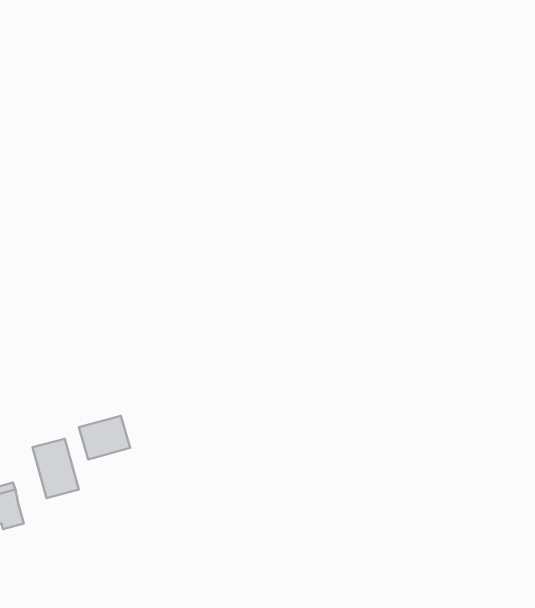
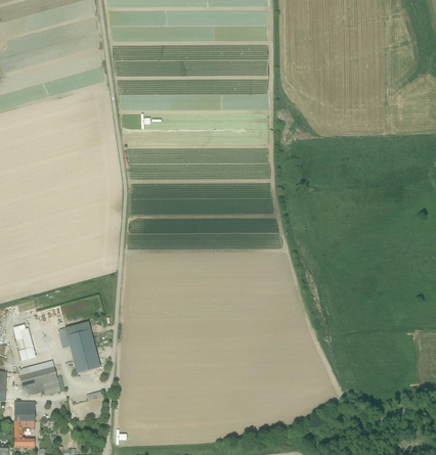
building: [79,416,130,459] -> none

